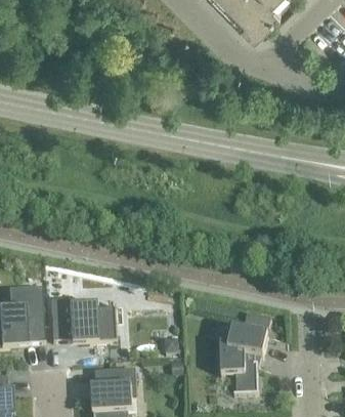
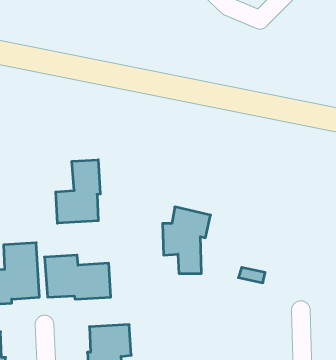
building: none -> [56,160,100,223]
building: [219,326,267,392] -> [163,207,211,273]

